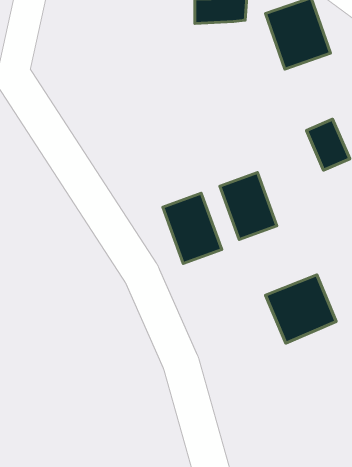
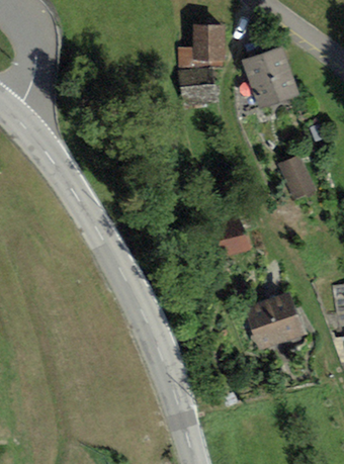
building: none -> [178,67,216,106]
building: [163,193,222,263] -> none

